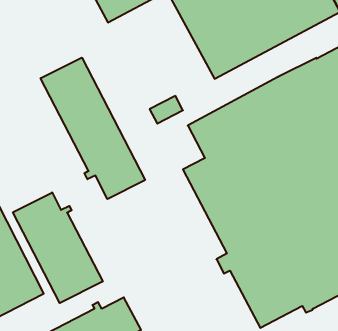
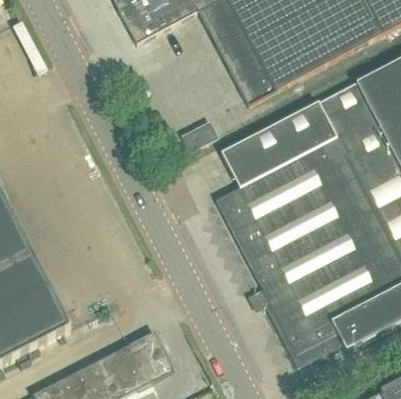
building: [41,58,145,199] -> none
building: [13,192,103,303] -> none

